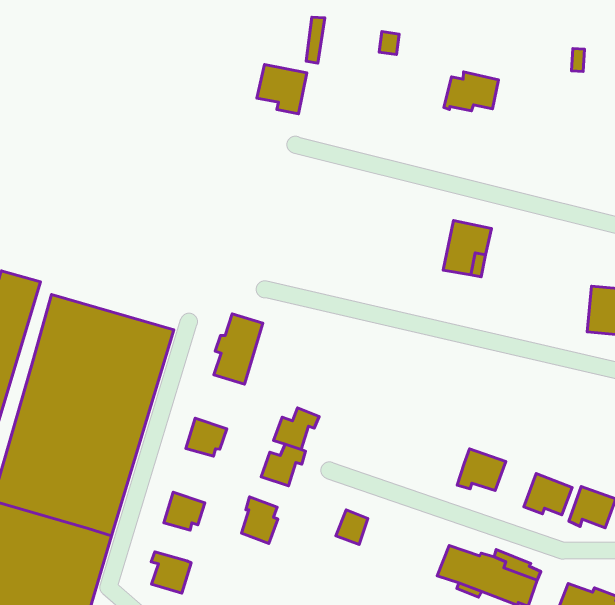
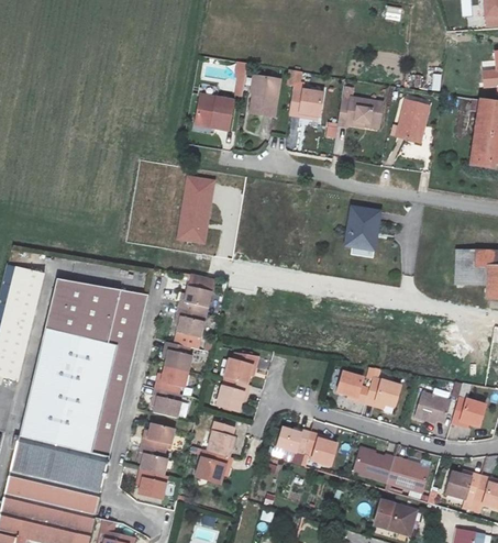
building: none -> [251,78,280,119]
building: none -> [289,91,322,117]
building: none -> [396,101,428,142]
building: none -> [175,176,215,243]
building: none -> [166,343,195,372]
building: none -> [337,370,368,403]
building: none -> [155,388,184,417]
building: none -> [306,430,336,463]
building: none -> [142,444,169,472]
building: none -> [193,447,230,483]

